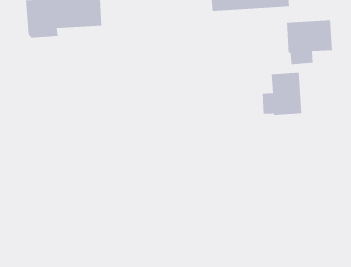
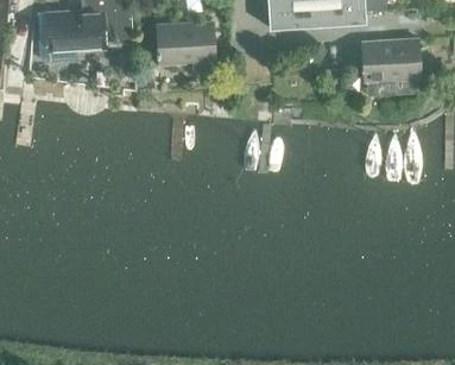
building: none -> [157,23,215,65]
building: [262,72,302,116] -> none

